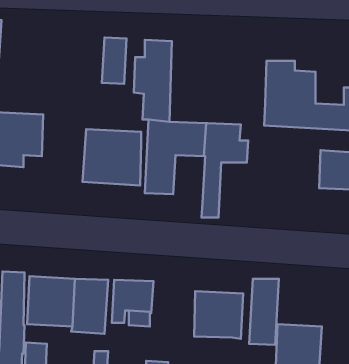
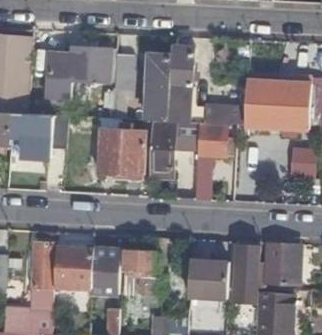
building: none -> [169,45,247,125]
building: none -> [48,46,112,89]
building: none -> [257,243,296,289]

